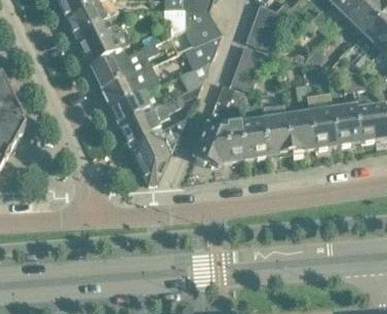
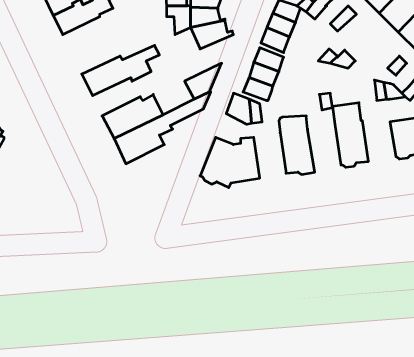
building: [74,15,127,60] -> none
building: [183,31,221,65] -> none
building: [100,63,158,101] -> none
building: [332,102,360,142] -> none
building: [284,108,313,149] -> none
building: [128,114,186,181] -> none
building: [238,115,266,154] -> none

